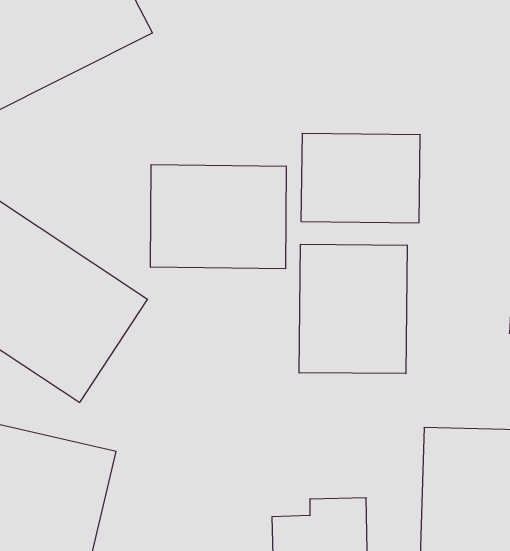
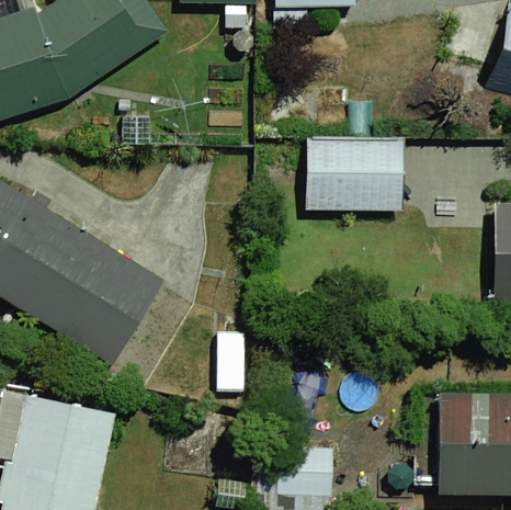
building: [151,165,286,269] -> none
building: [299,244,407,374] -> none

